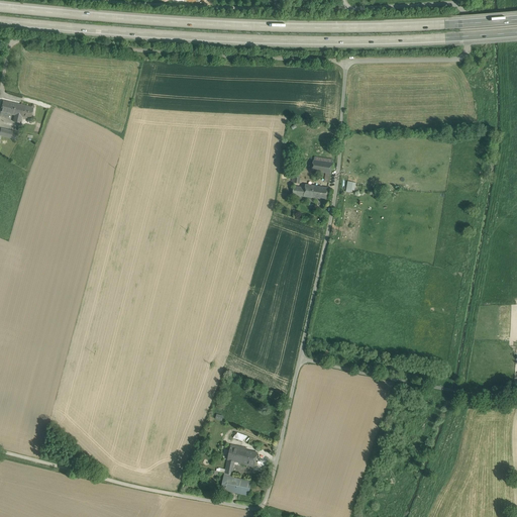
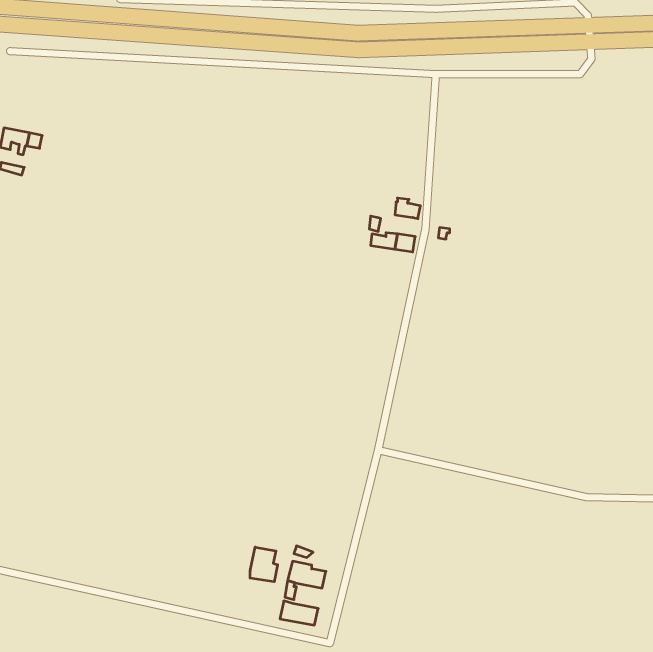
building: none -> [250,547,278,582]

